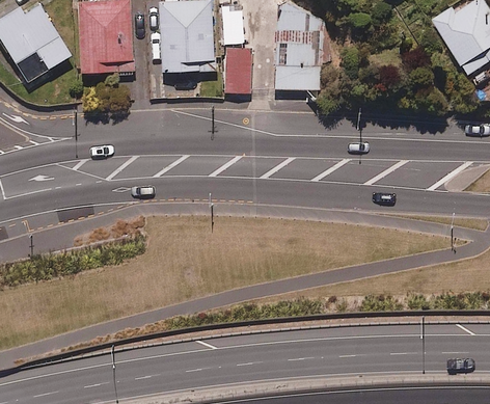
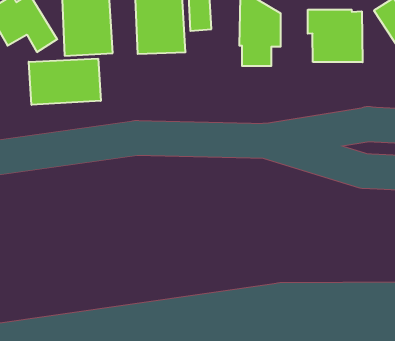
building: none -> [308,10,363,62]
building: [224,48,252,93] -> none
building: none -> [29,59,101,105]

